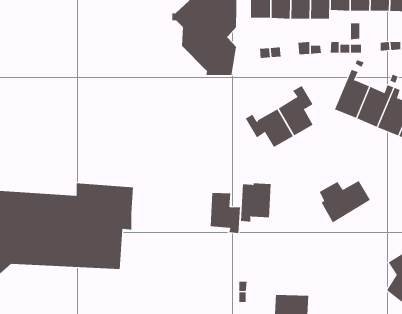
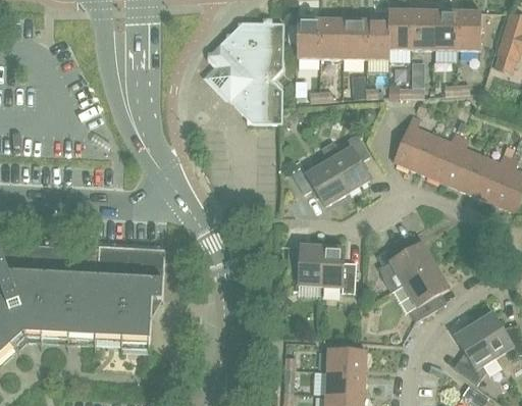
building: [210,192,241,234] -> [320,246,356,293]
building: none -> [392,264,449,321]
building: none -> [326,348,367,373]

